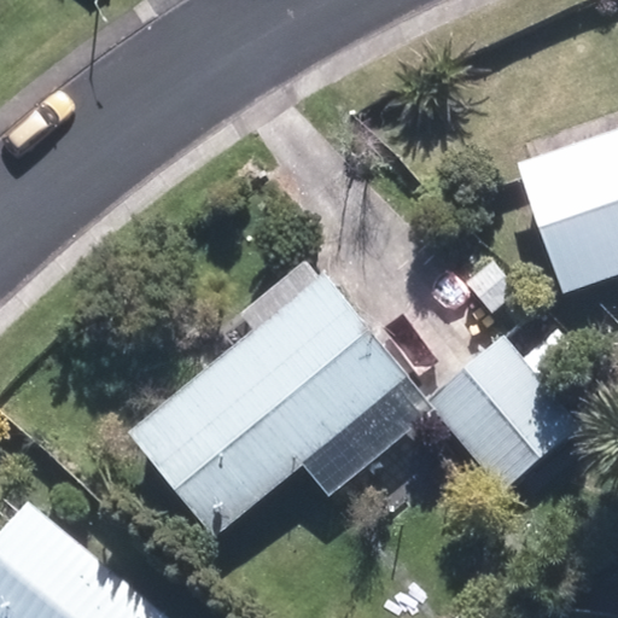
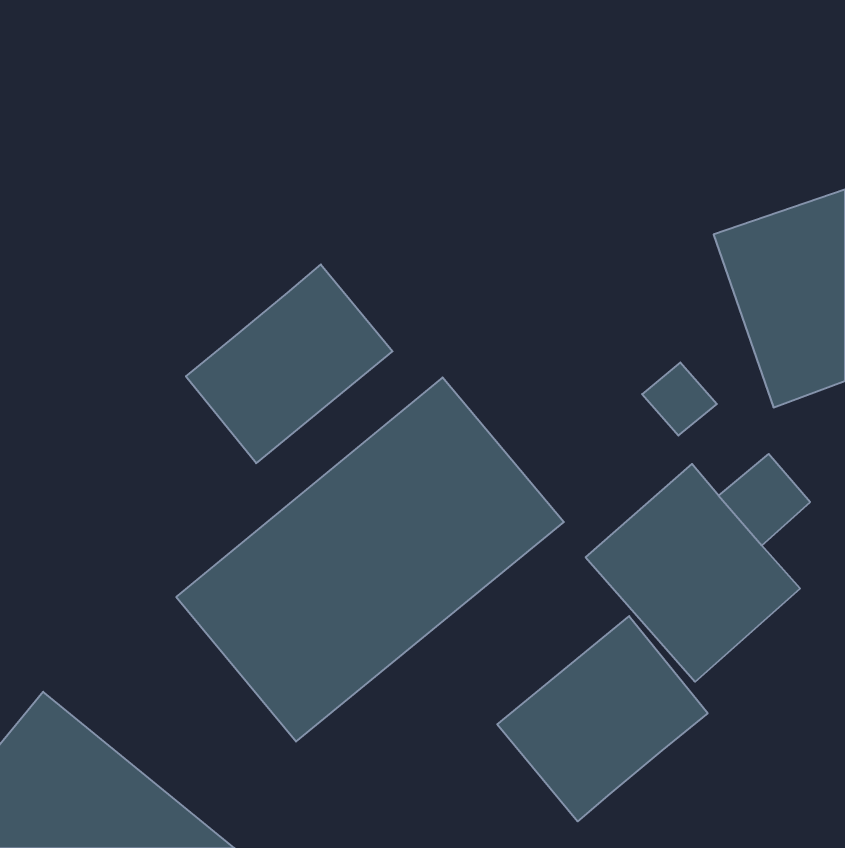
building: none -> [186,264,393,463]
building: none -> [497,616,708,821]

